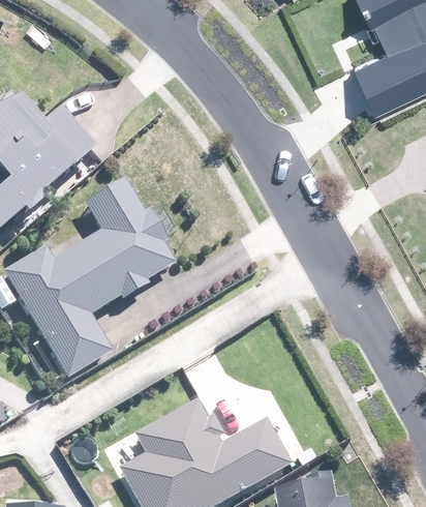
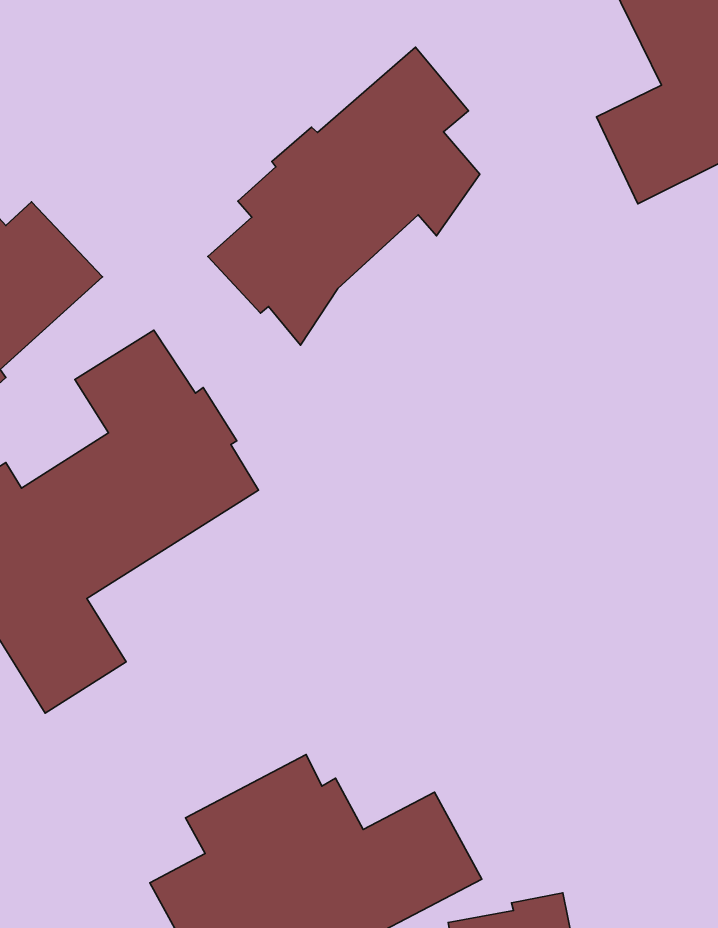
building: none -> [208,47,480,345]

